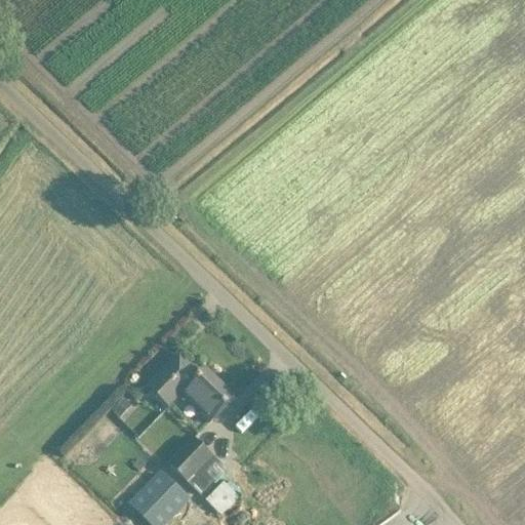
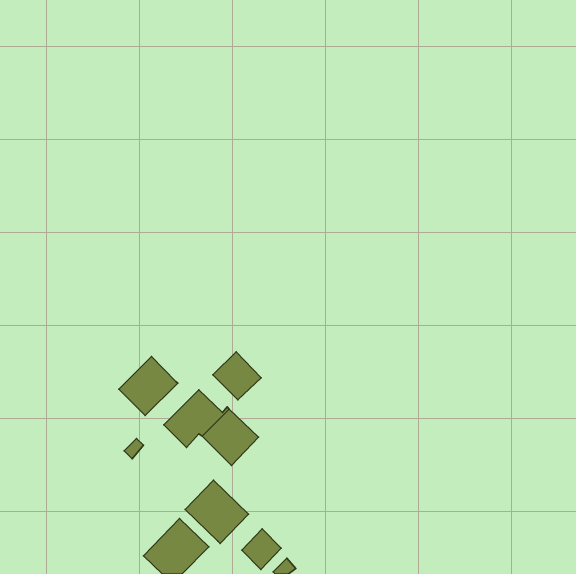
building: none -> [213,352,261,400]
building: none -> [119,357,178,415]

